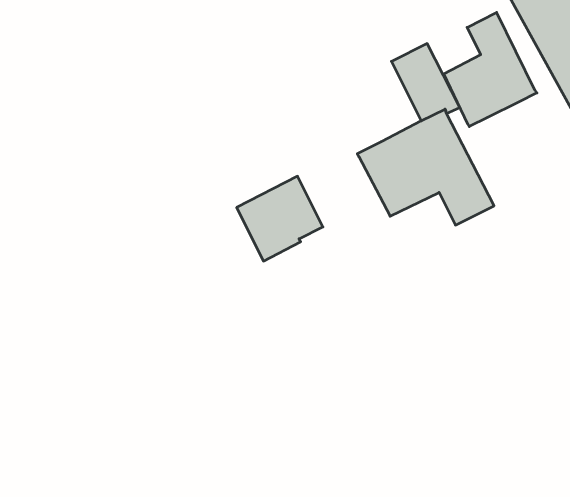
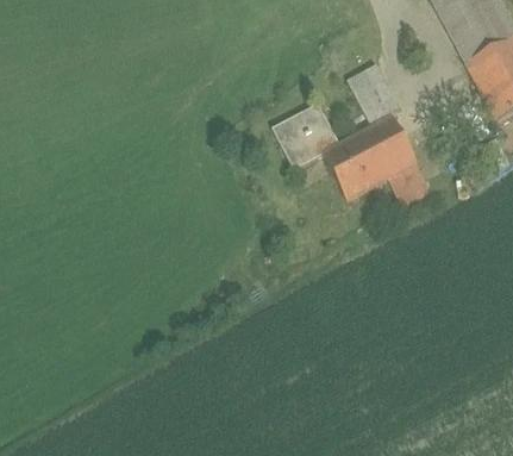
building: [444,12,537,127] -> none
building: [237,176,323,261] -> [270,99,339,167]

